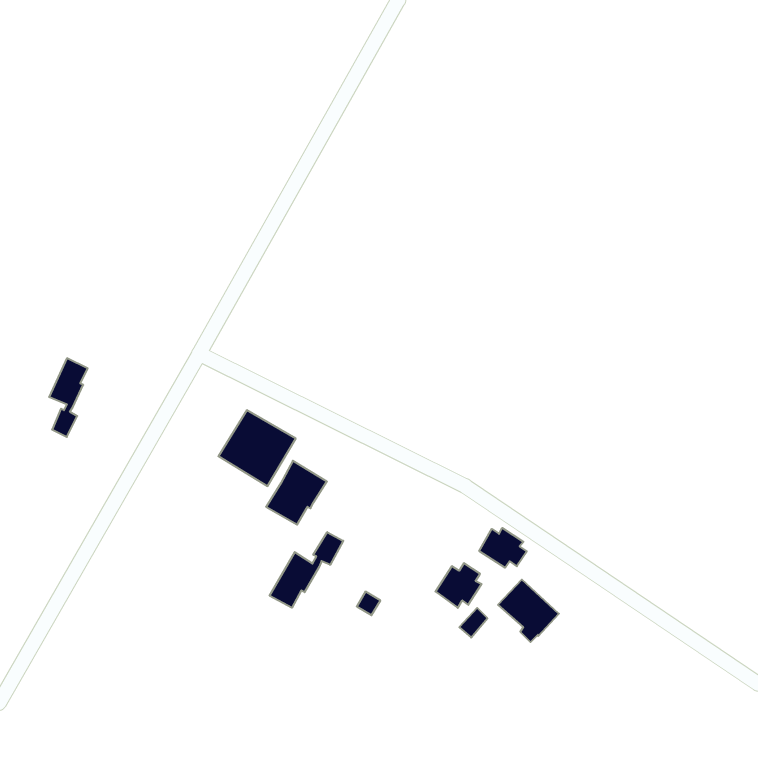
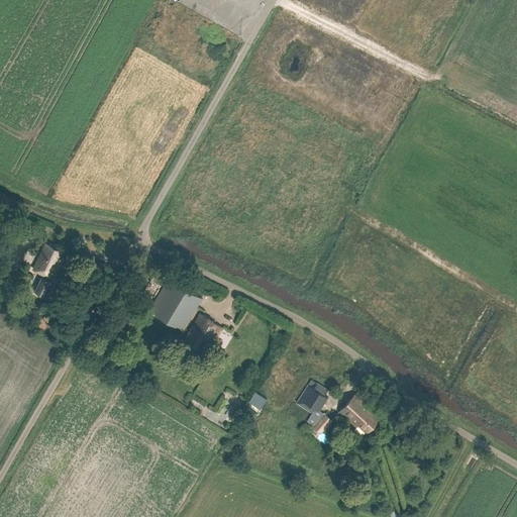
building: [479,528,527,568] -> none
building: [270,532,343,608] -> none

